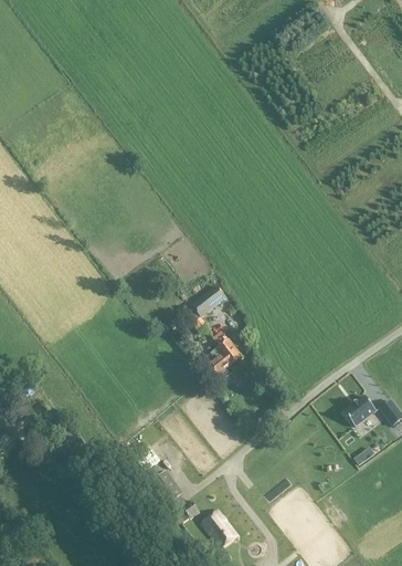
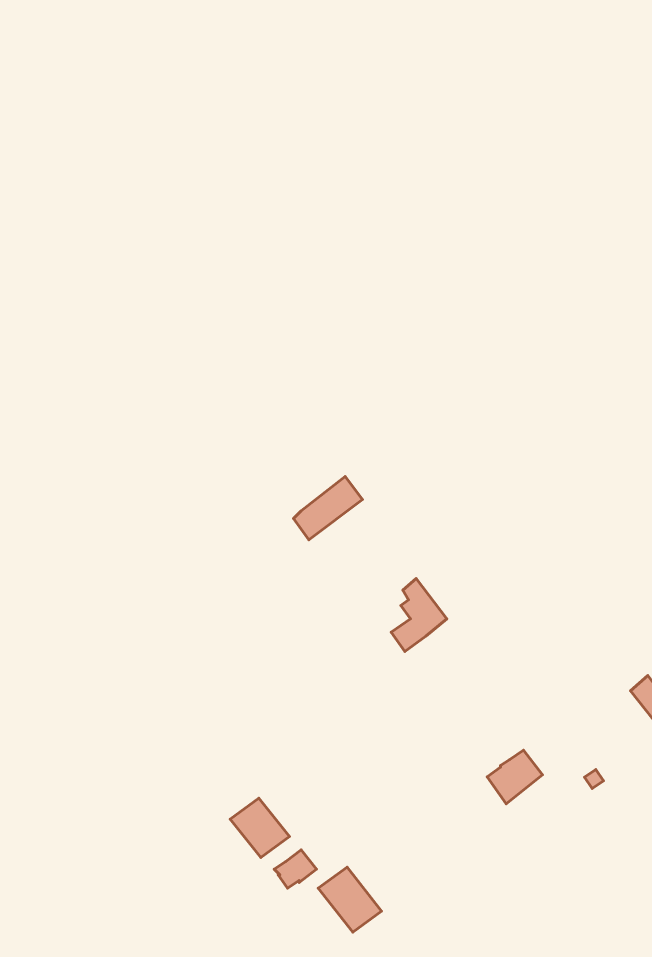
building: [209,334,241,376] -> [391,579,447,651]
building: [343,397,375,428] -> [487,750,543,804]

